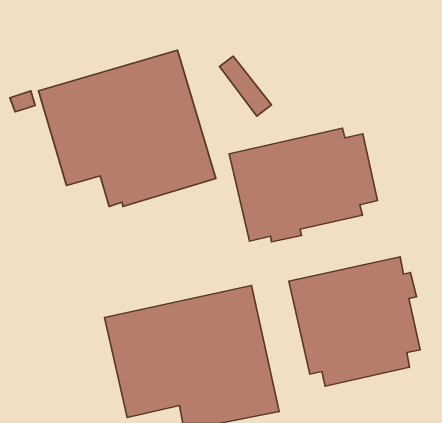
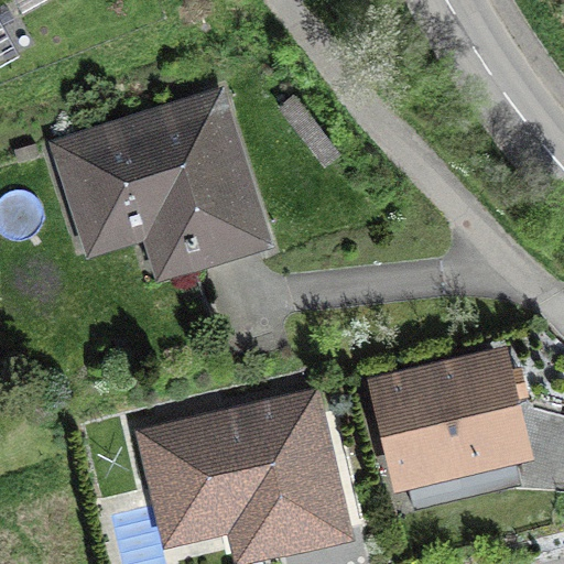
building: [229,128,378,242] -> none

